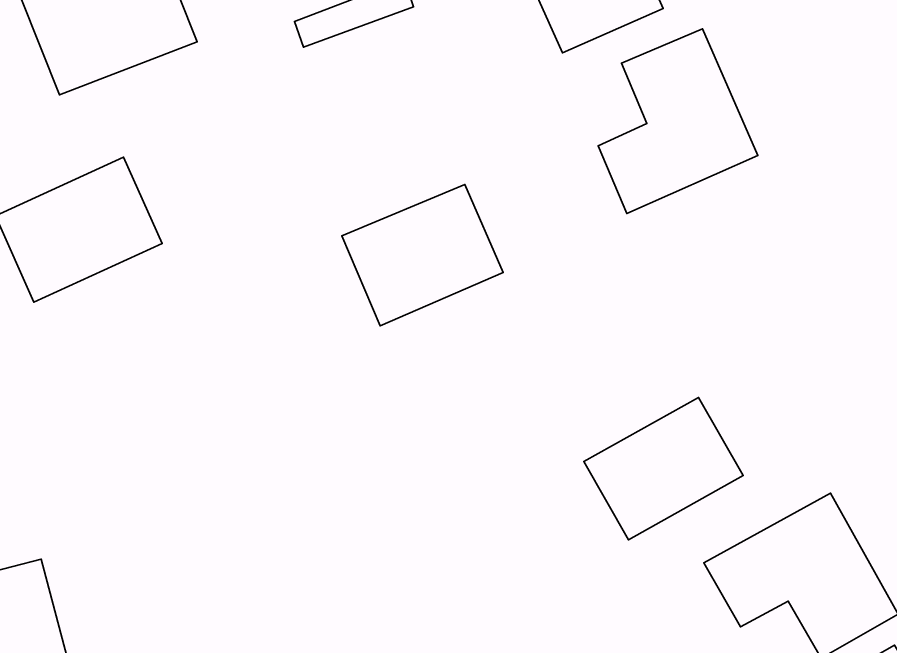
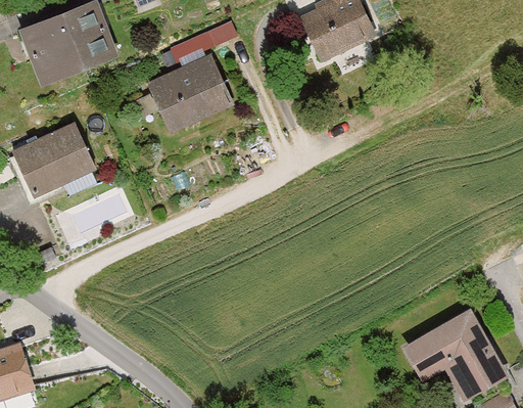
building: [598,29,758,214] -> none
building: [342,184,503,326] -> [143,53,233,132]
building: [584,397,743,540] -> none

